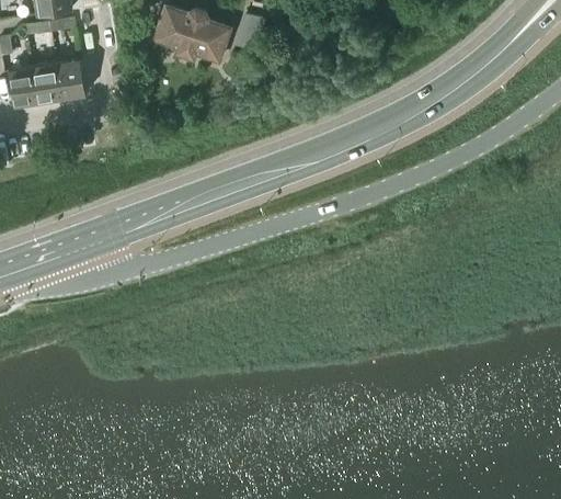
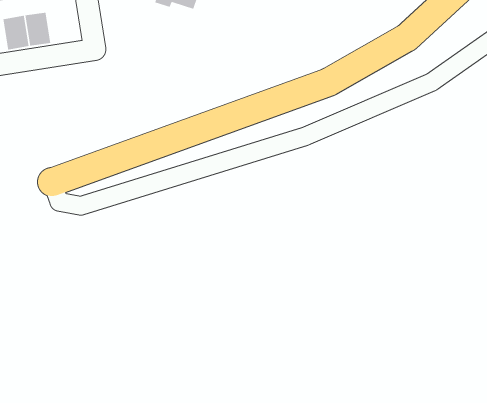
building: [56,60,85,99] -> none

